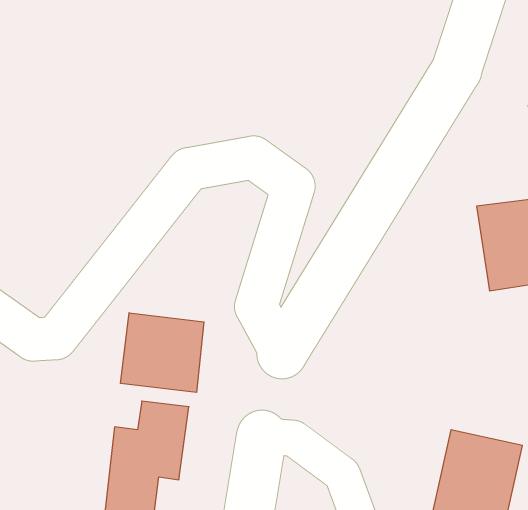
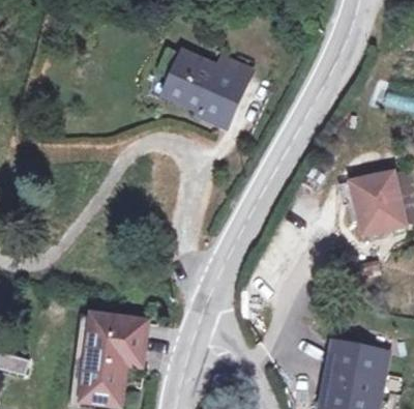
building: none -> [169,50,248,120]
building: [121,313,204,392] -> none

